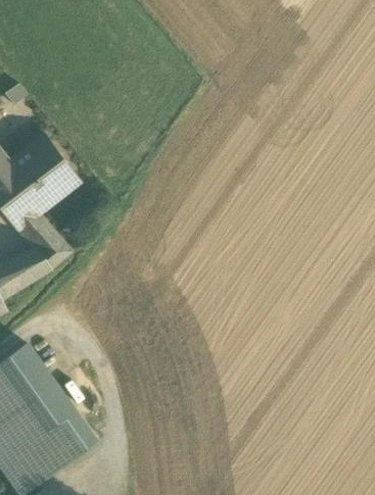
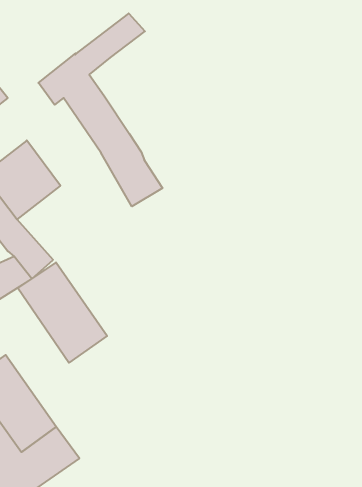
building: none -> [38,13,162,206]
building: none -> [18,262,107,363]

